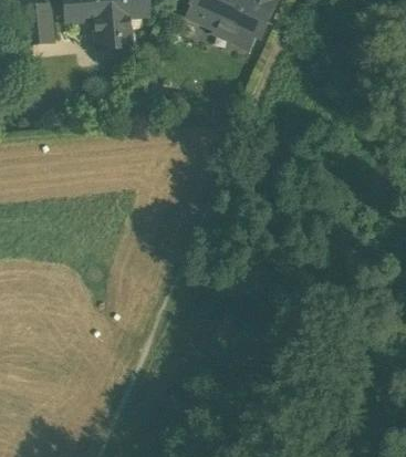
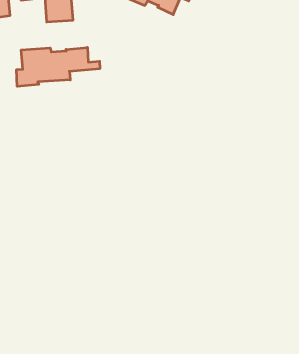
building: none -> [17,47,100,86]

